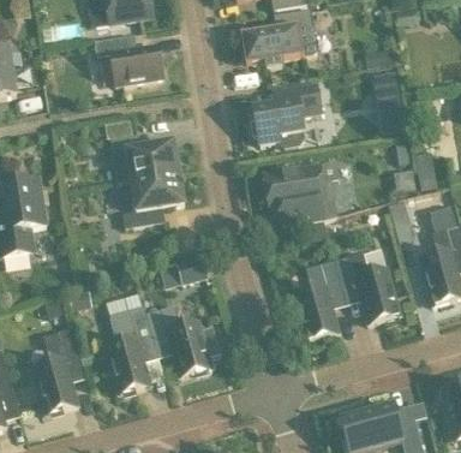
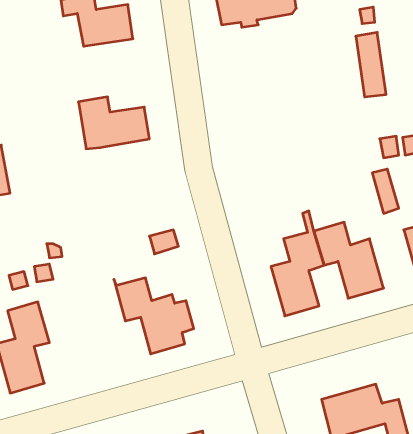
building: [252,81,322,143] -> none
building: [264,162,339,223] -> none
building: [124,171,185,226] -> none
building: [106,304,156,392] -> none

